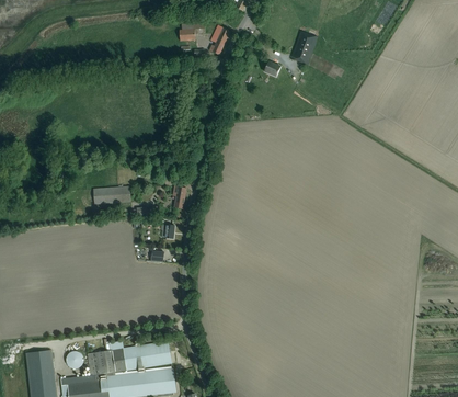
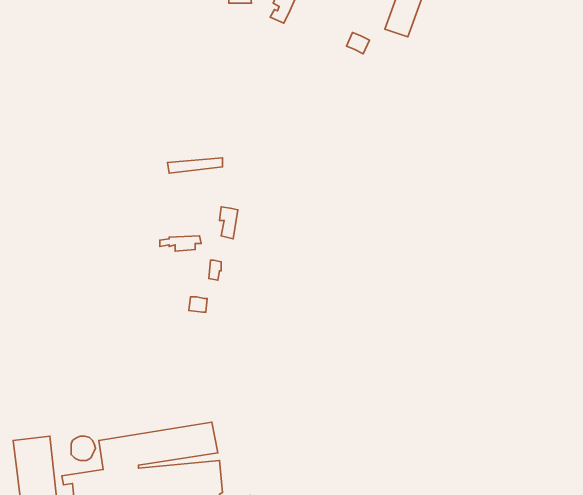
building: [93,185,131,204] -> none

